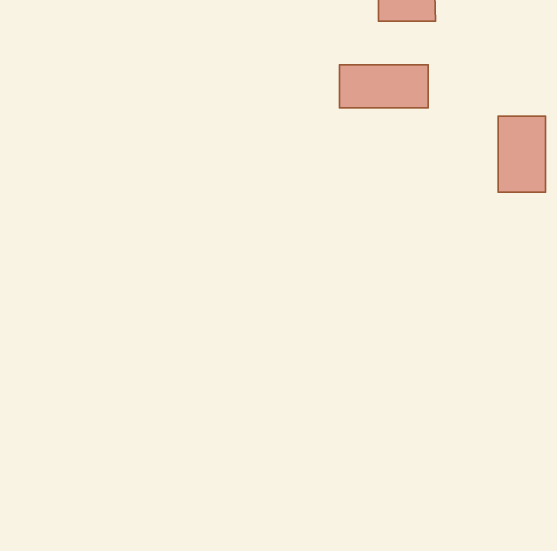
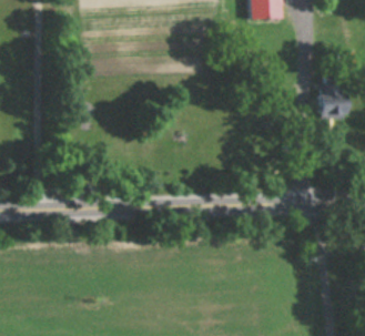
building: [340,65,428,108] -> none

